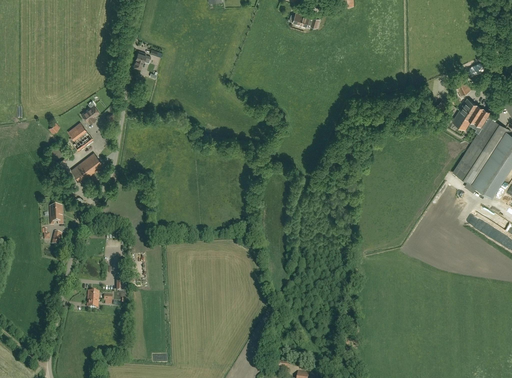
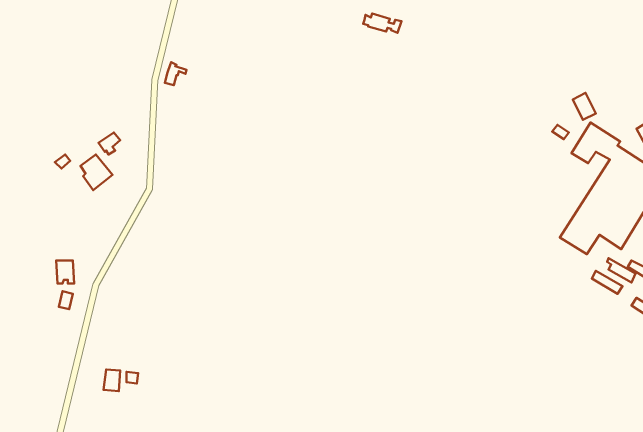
building: [71,153,104,183] -> none

